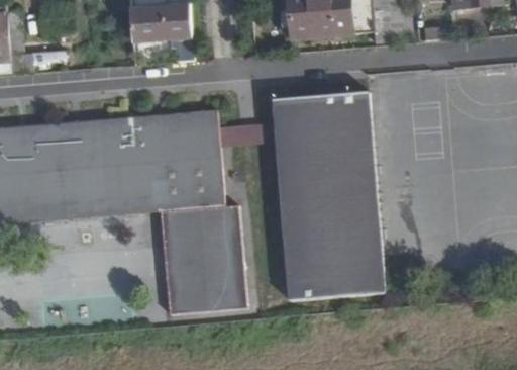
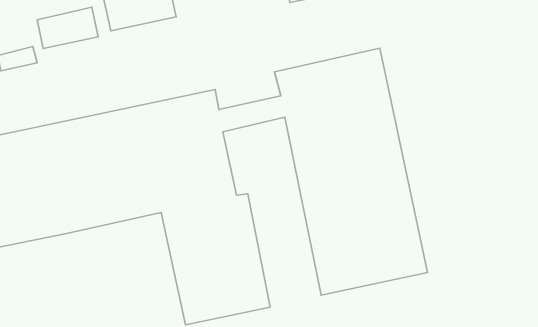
building: none -> [37,7,98,48]

